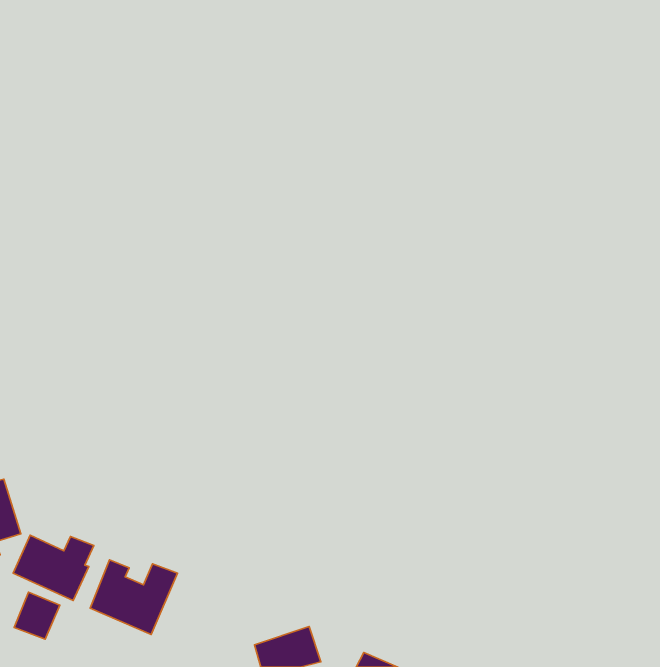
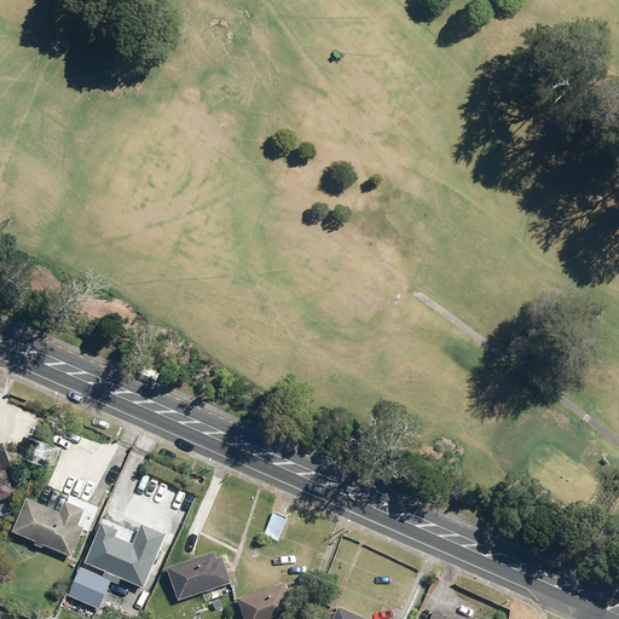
building: [14,592,60,639] -> [64,566,106,609]
building: none -> [164,550,230,602]

